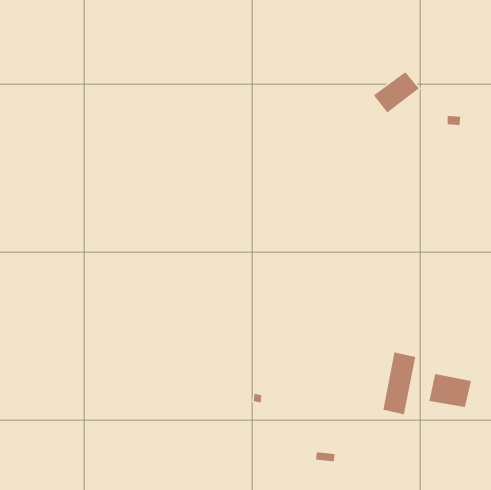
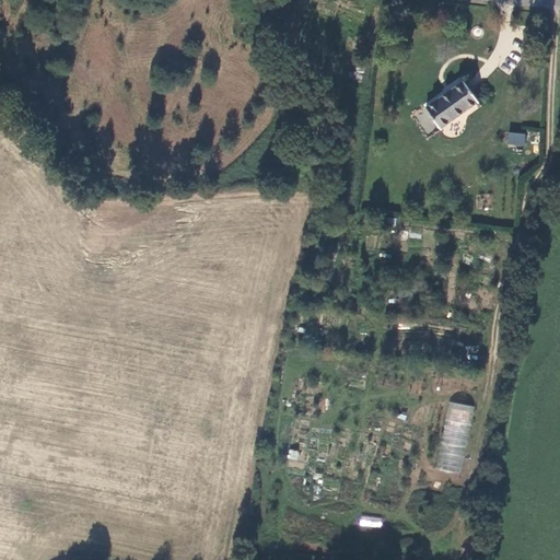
building: [429,373,472,408] -> none

